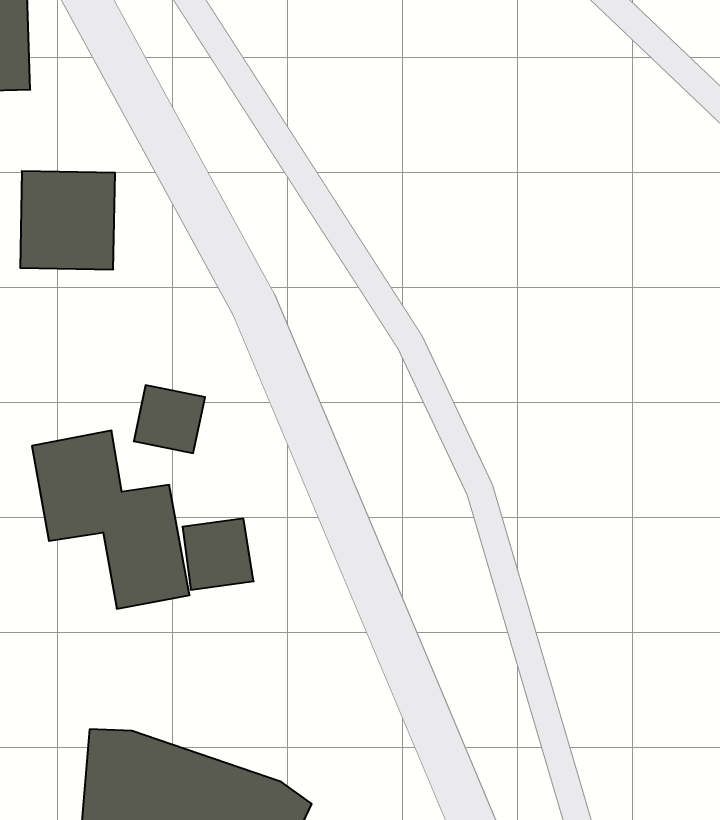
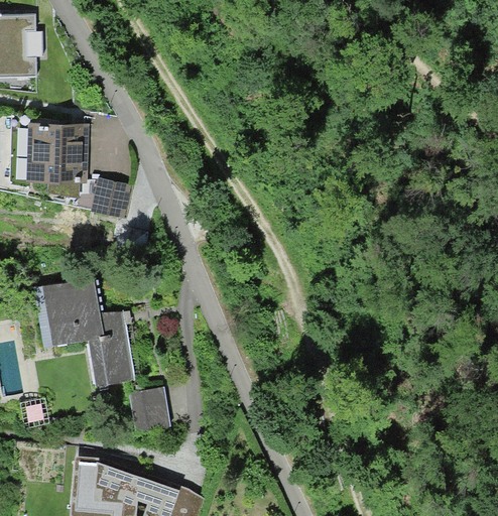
building: [134,385,205,453] -> [92,181,134,222]
building: [182,519,254,590] -> [126,388,168,430]

